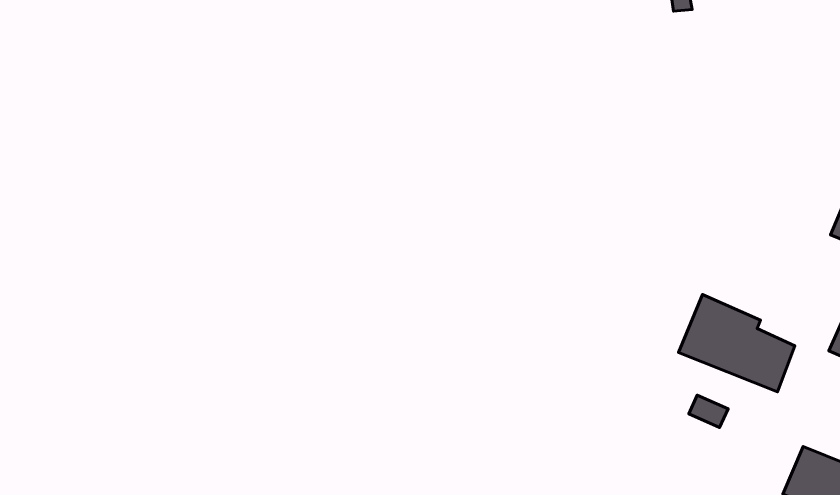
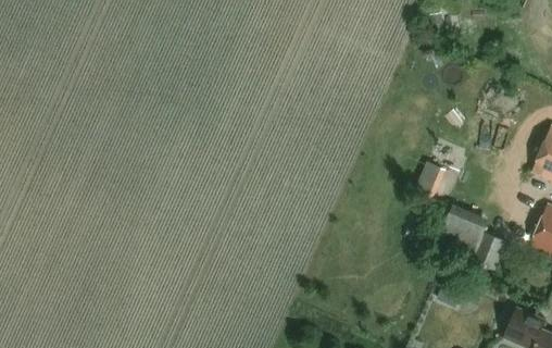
building: none -> [414,159,447,200]

